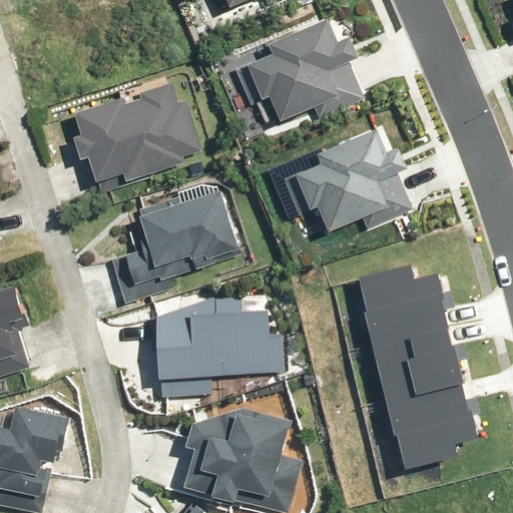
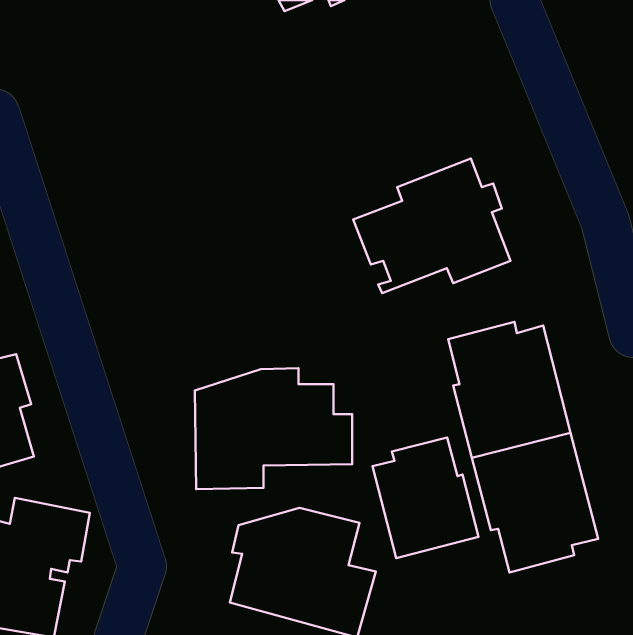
building: [231,19,364,120] -> none
building: [73,85,199,181] -> none
building: [109,190,239,303] -> none
building: none -> [372,438,478,558]

